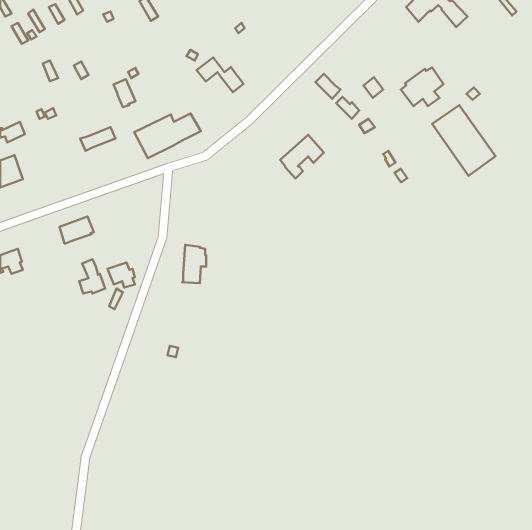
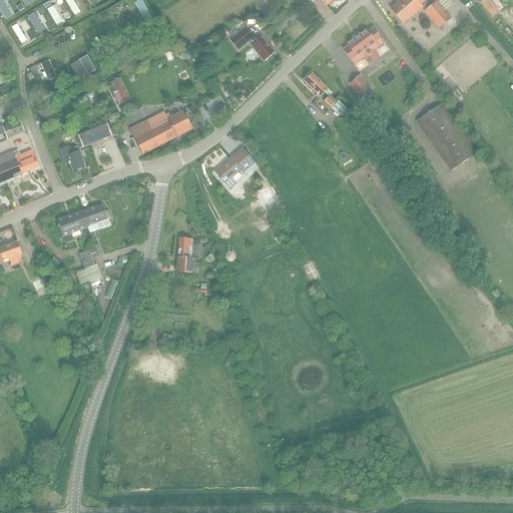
building: [197,58,243,92] -> [228,26,274,59]
building: [401,68,444,106] -> [343,26,384,63]
building: [280,135,324,178] -> [214,146,256,188]
building: none -> [60,144,85,169]
building: none -> [14,147,40,172]
building: [108,263,135,288] -> [84,202,110,226]

